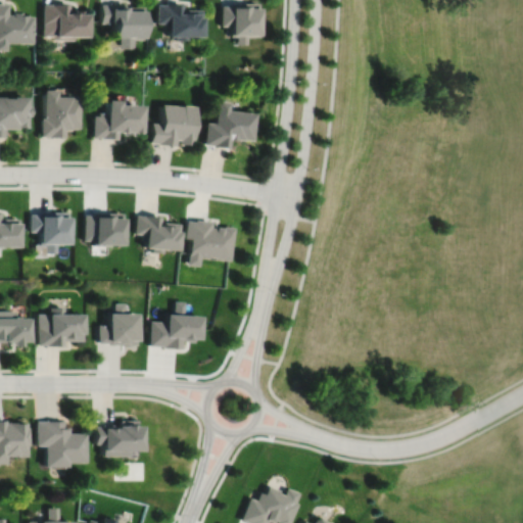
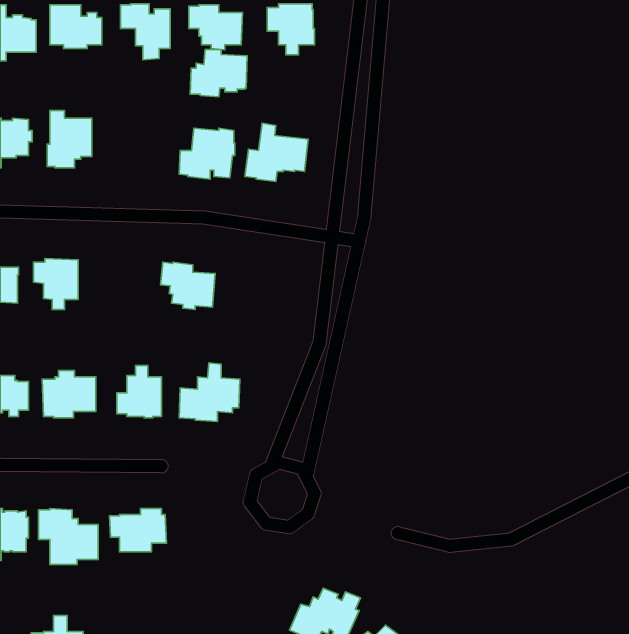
building: [95,102,142,141] -> [190,50,247,97]
building: [87,215,124,248] -> none
building: [187,222,236,268] -> none

